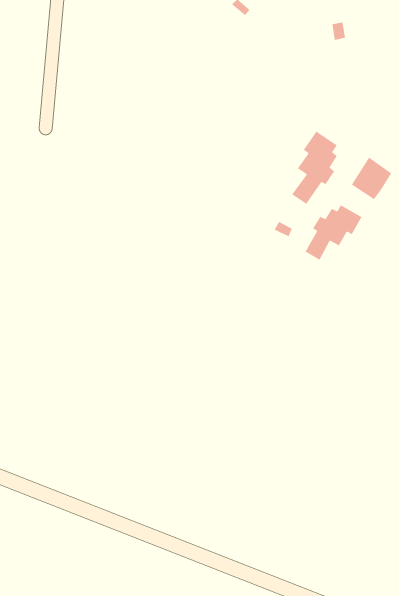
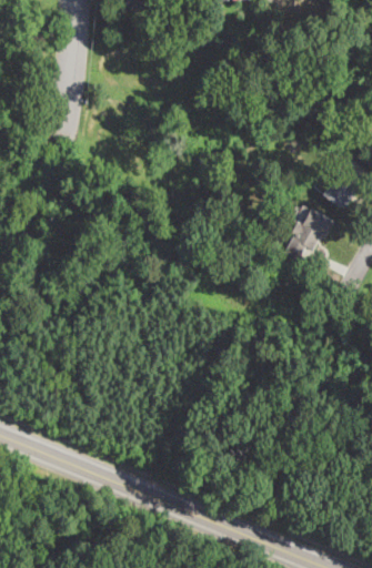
building: [291,131,338,205] -> none

